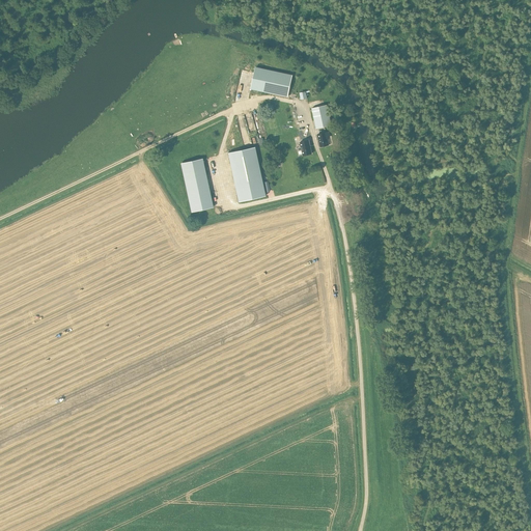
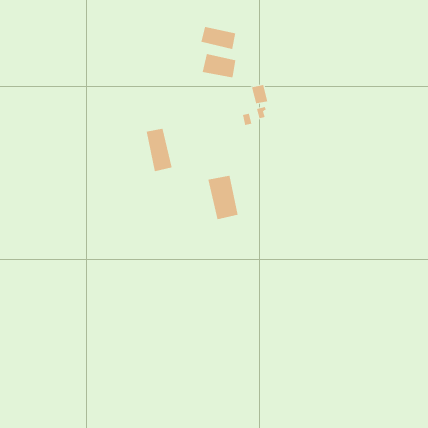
building: none -> [201,26,236,50]
building: [227,147,266,202] -> [208,175,239,220]

